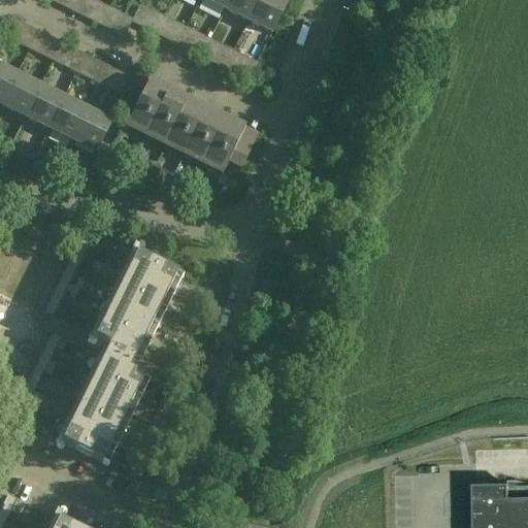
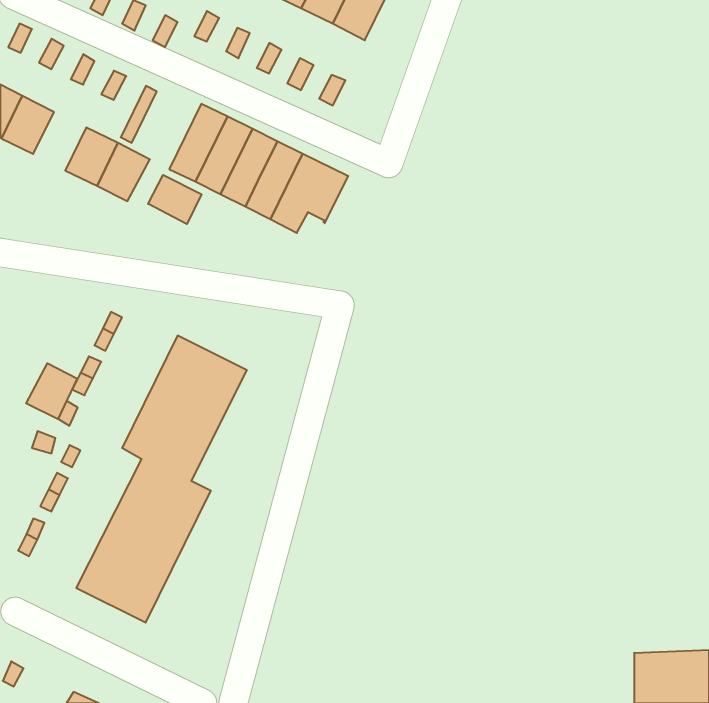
building: [25,84,64,127] -> none
building: none -> [148,175,201,224]
building: none -> [26,363,77,419]

